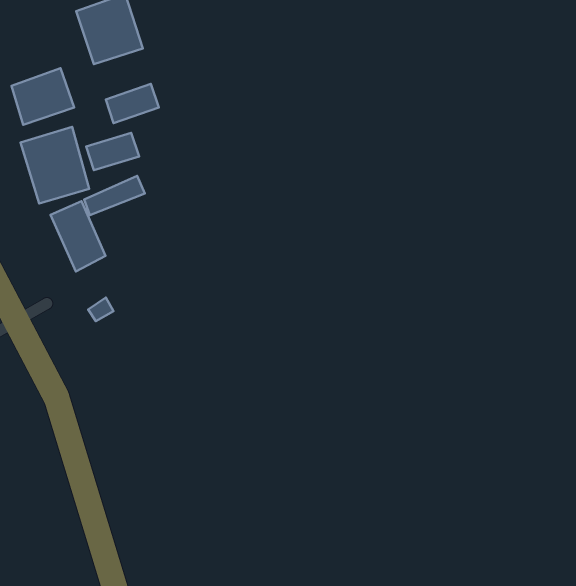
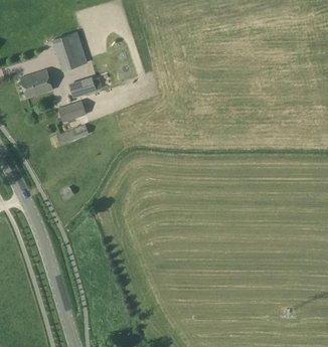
building: [21,127,89,203] -> none
building: [51,201,105,271] -> none

